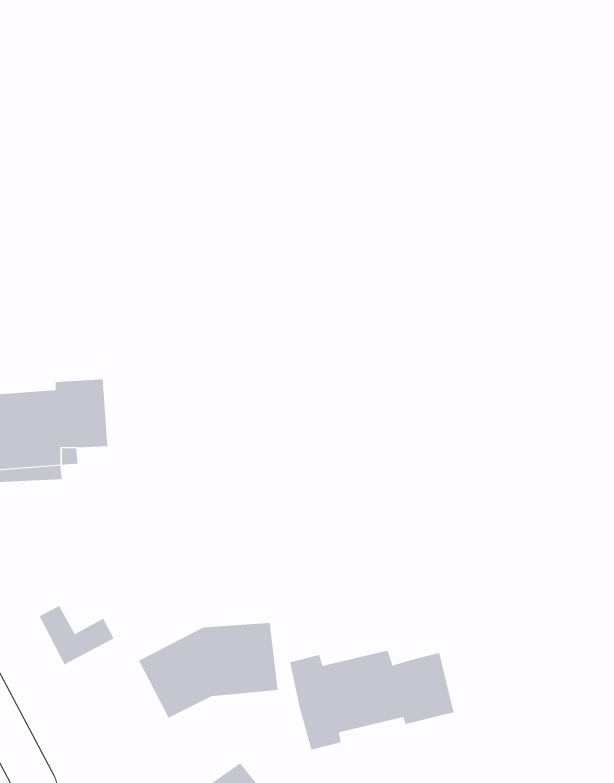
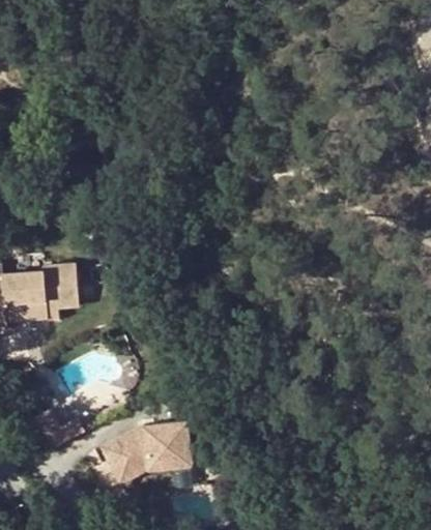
building: [290,650,454,751] -> none

